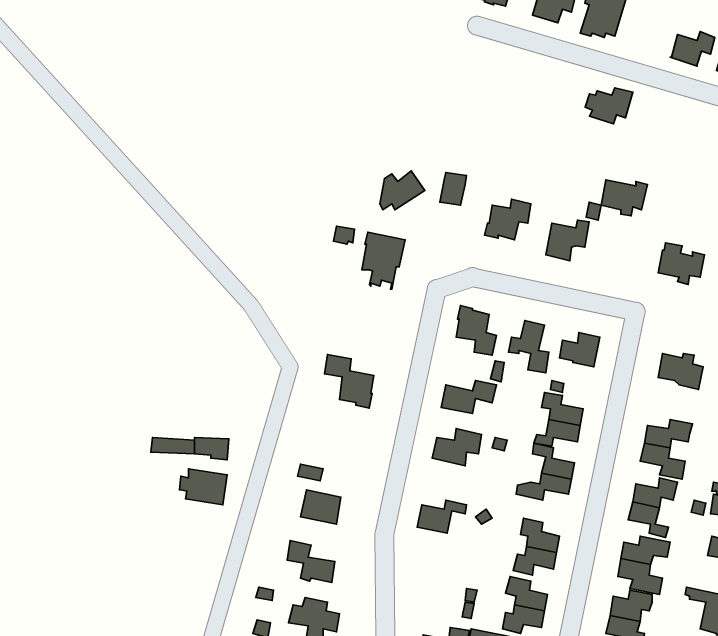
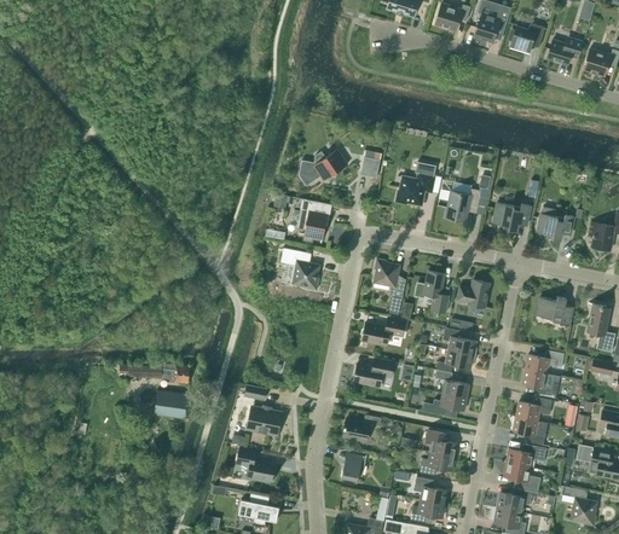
building: [585,88,633,124] -> [507,23,545,52]
building: [601,180,648,216] -> [493,202,531,231]
building: [324,354,374,408] -> [280,246,320,290]
building: none -> [341,452,366,481]

